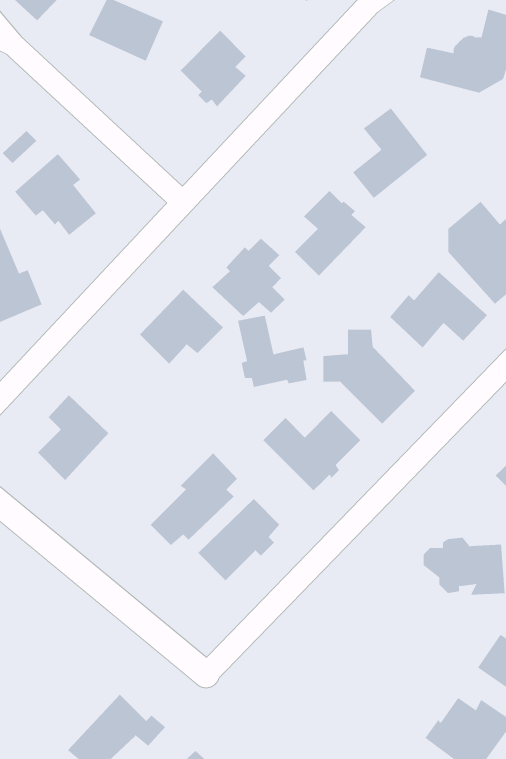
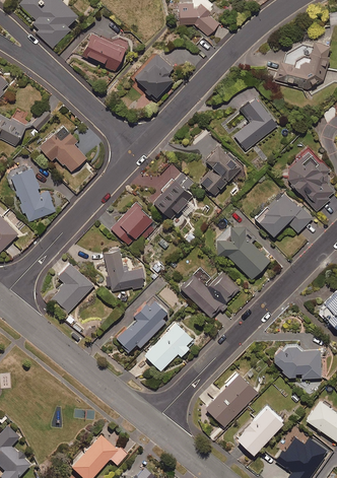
building: [237,315,308,387] -> [104,250,144,291]
building: none -> [206,371,259,426]
building: none -> [239,406,285,455]

